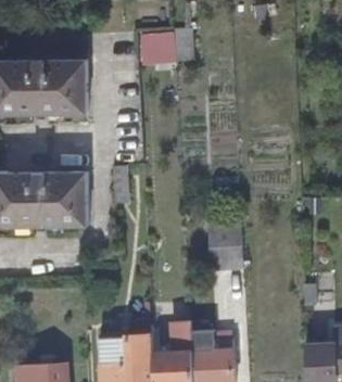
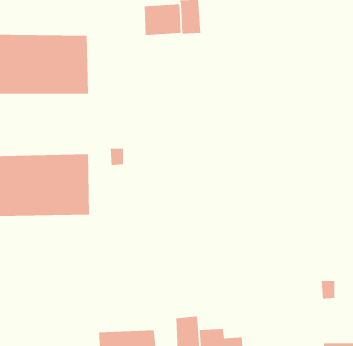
building: [207,225,240,270] -> none

